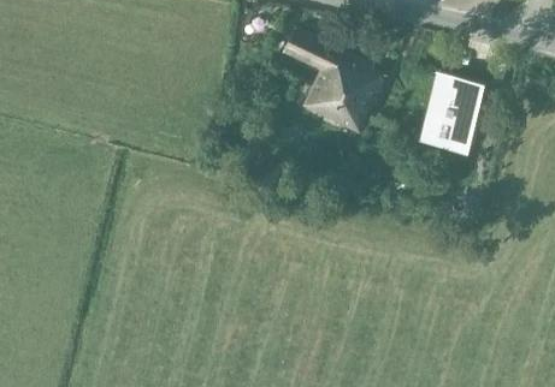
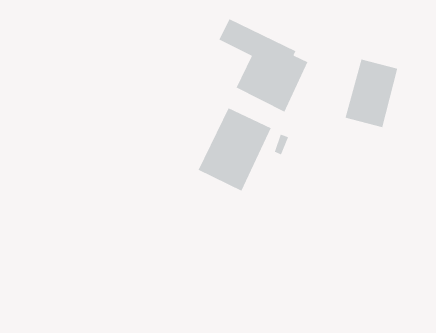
building: none -> [197,107,272,192]

